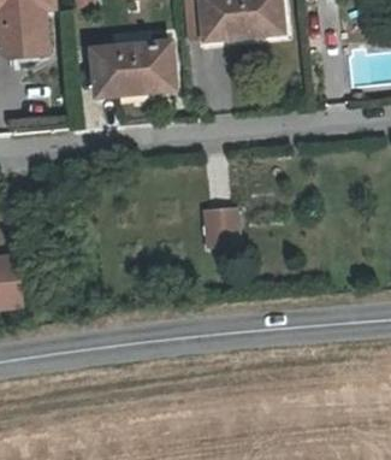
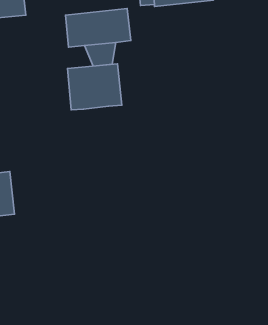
building: none -> [68,64,122,110]
building: [205,201,242,241] -> none

